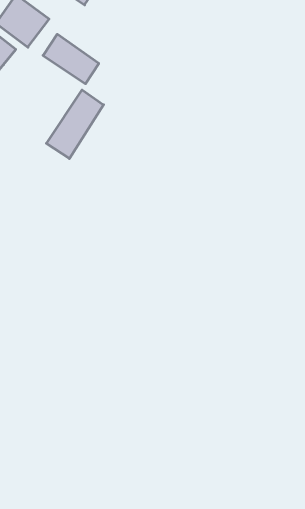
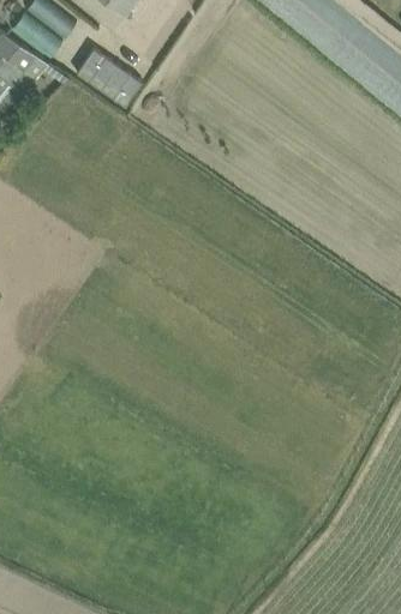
building: [46,90,104,159] -> none

